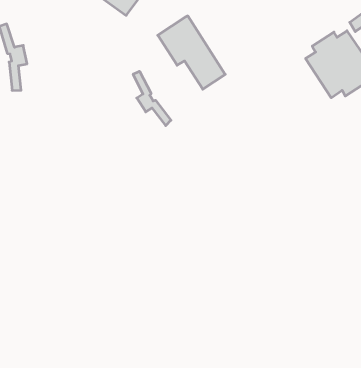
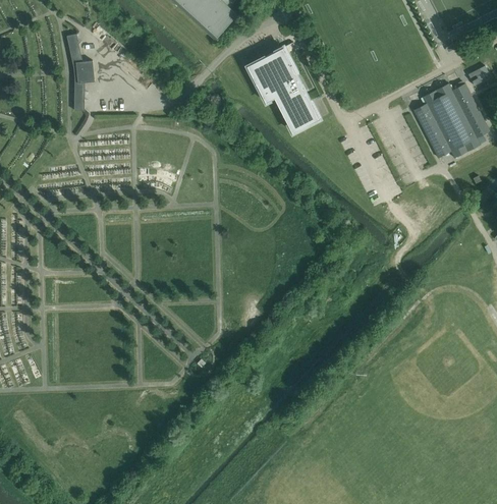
building: [133,71,171,126] -> none

